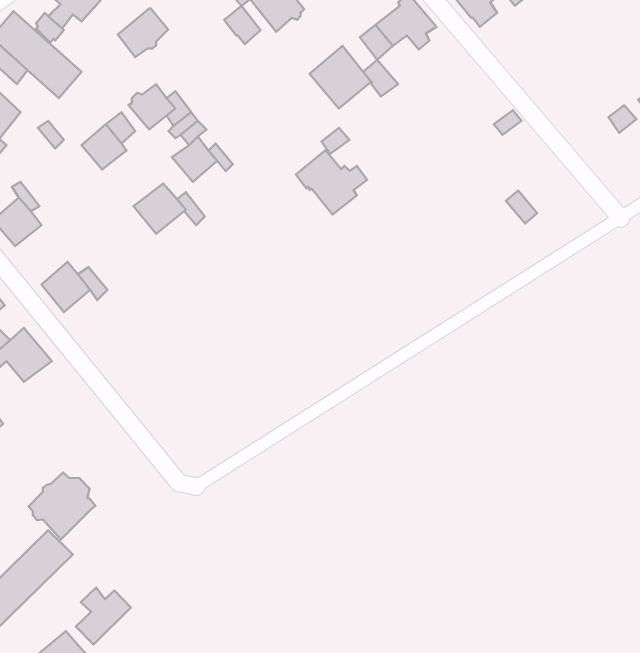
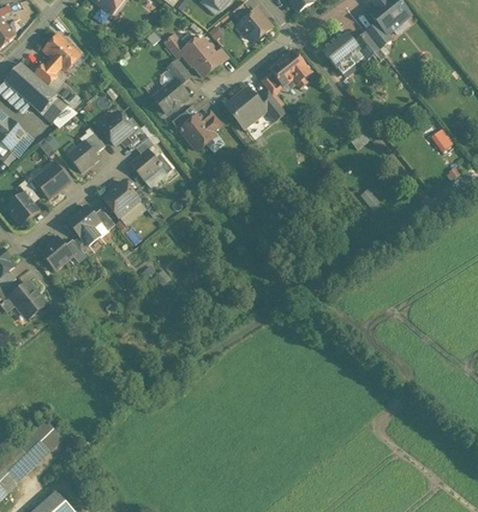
building: [118,8,168,57] -> [153,79,187,113]
building: [296,150,367,215] -> [172,105,221,149]
building: none -> [34,162,71,198]
building: none -> [67,206,115,245]
building: [29,473,95,540] -> none
building: [76,588,131,645] -> none

